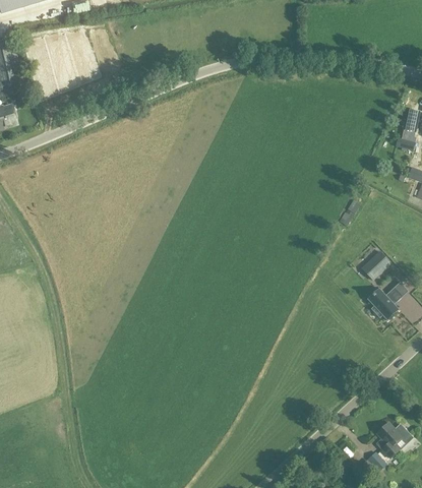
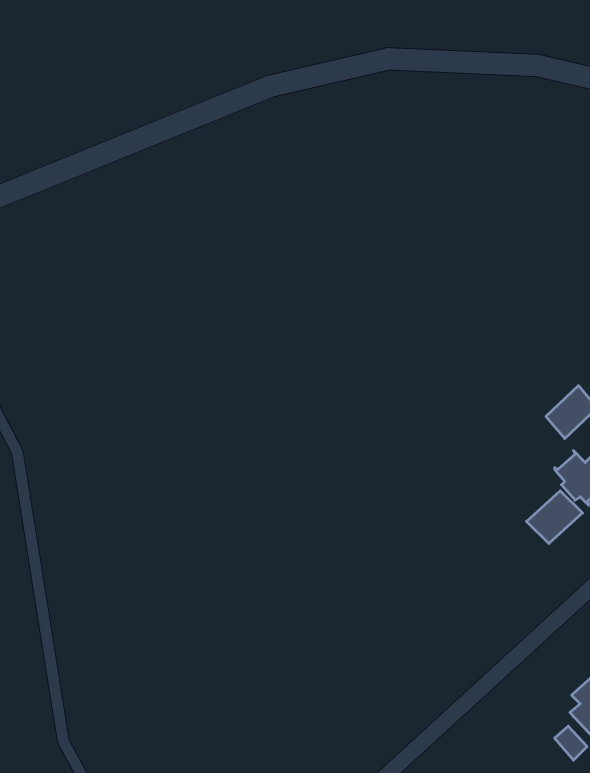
building: none -> [526,491,583,544]

